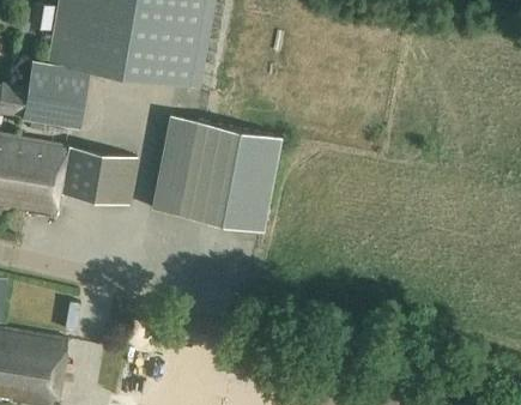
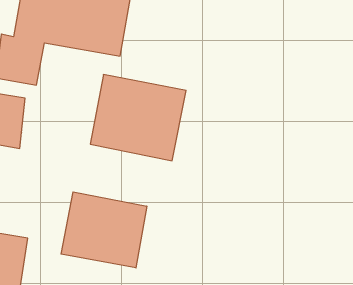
building: [59,146,137,205] -> none
building: none -> [61,192,147,268]

